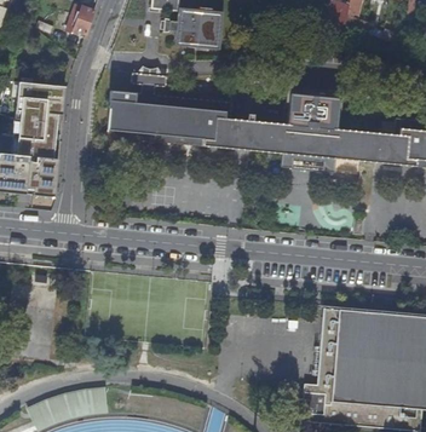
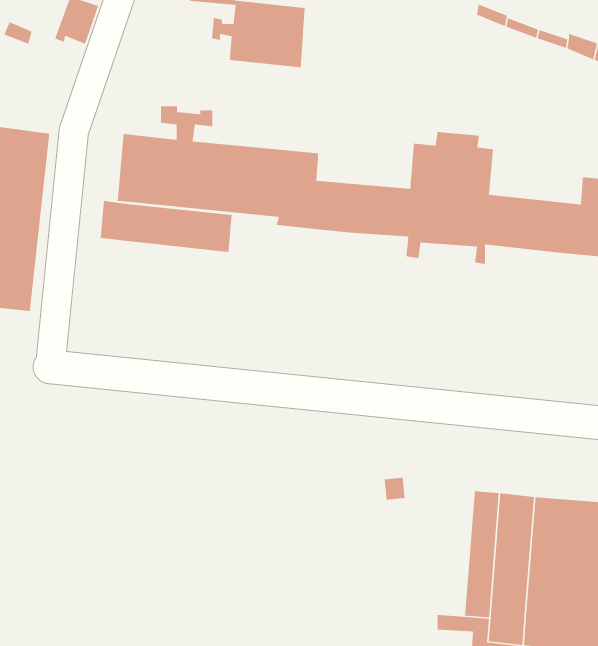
building: none -> [100,200,232,253]

